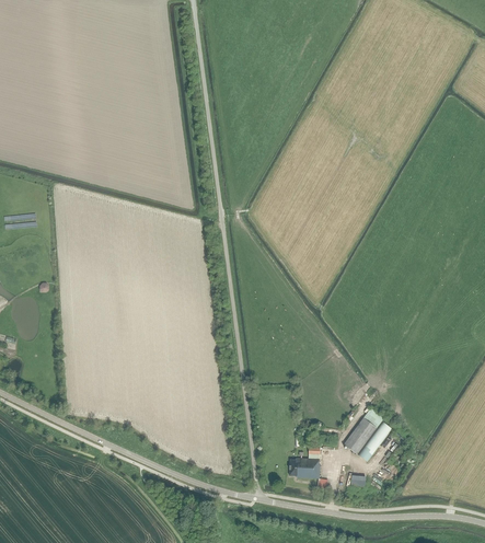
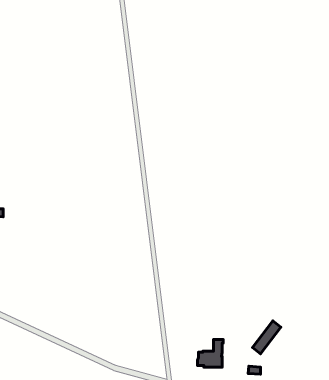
building: [343,407,383,453] -> none

